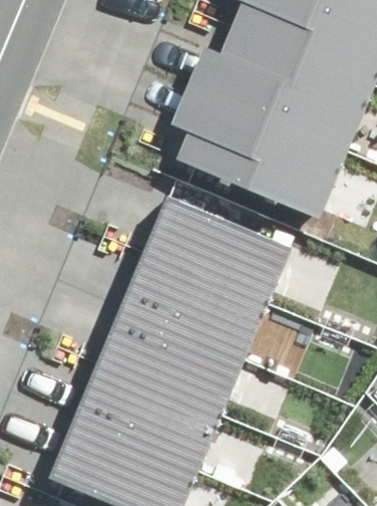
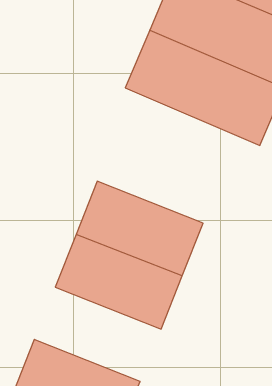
building: [140,192,285,300] -> none
building: [68,373,214,482] -> none

